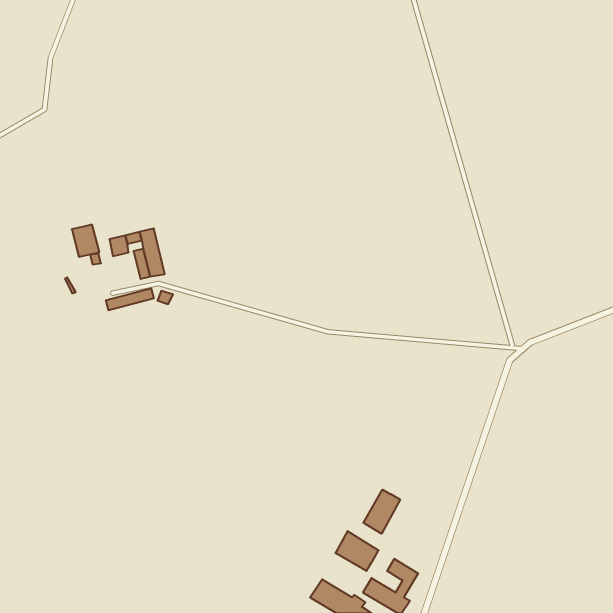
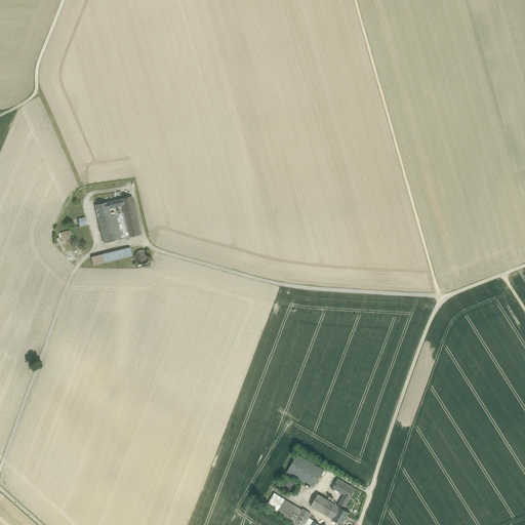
building: [72,225,99,257] -> [96,214,120,242]
building: [363,490,400,534] -> none

